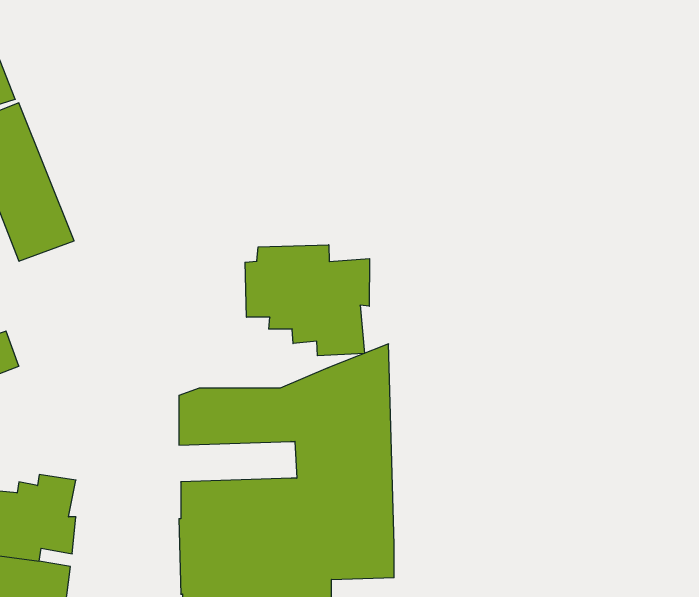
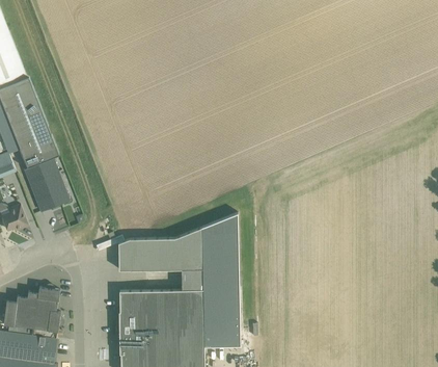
building: [245,245,369,356] -> none
building: none -> [23,159,69,212]

